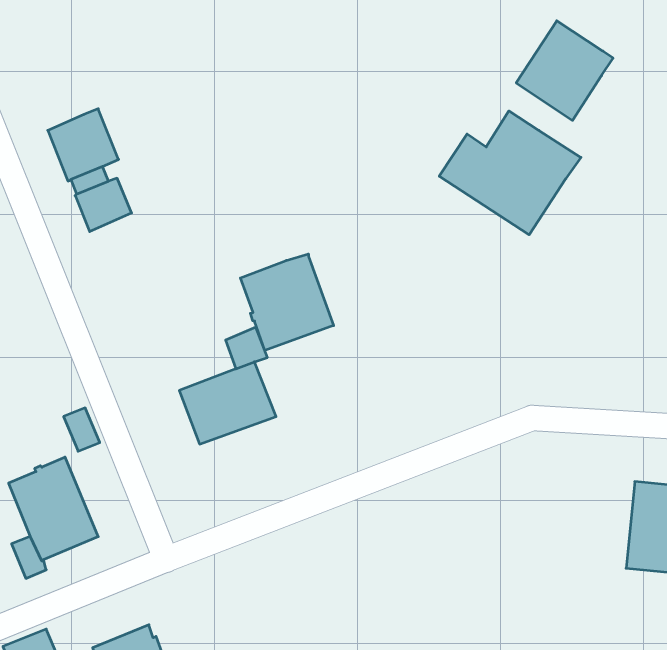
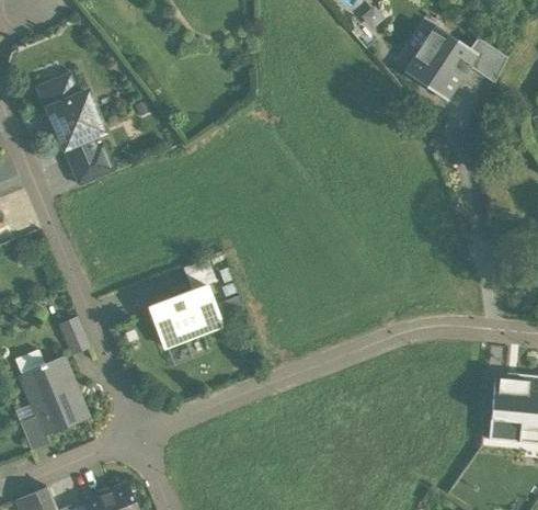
building: none -> [468,37,507,82]
building: none -> [39,77,76,109]
building: [439,111,581,235] -> none
building: [240,254,334,350] -> none

